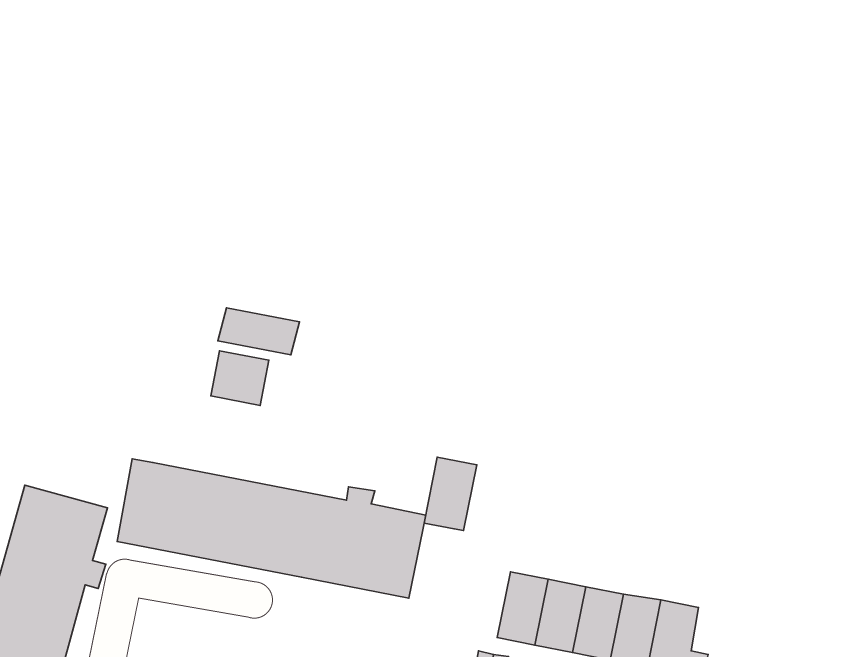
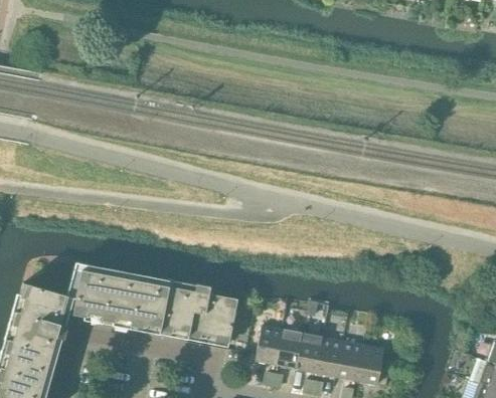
building: [218,308,299,355] -> none
building: [211,351,269,405] -> none
building: [424,457,477,531] -> [255,326,283,365]

